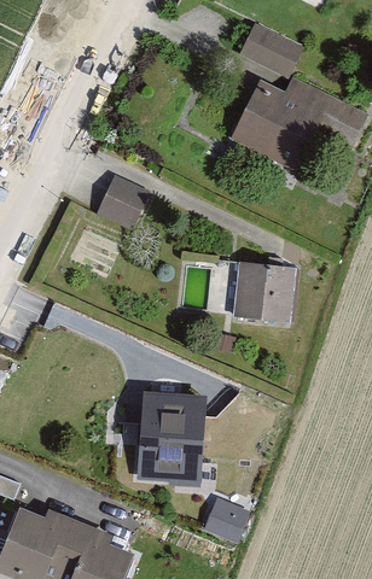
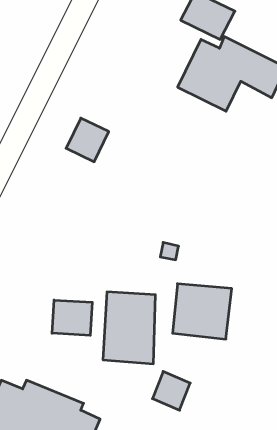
building: [222,258,296,327] -> [173,284,232,339]
building: none -> [52,300,92,335]

